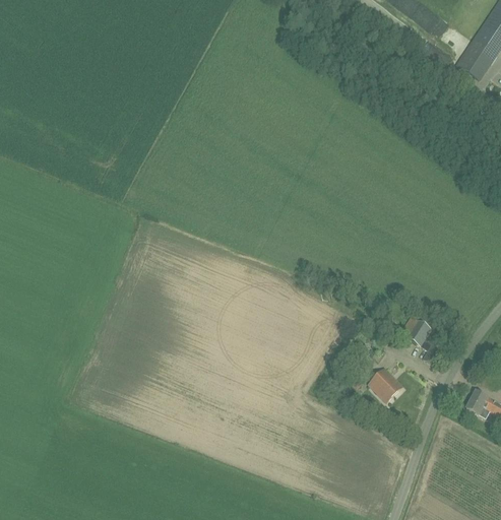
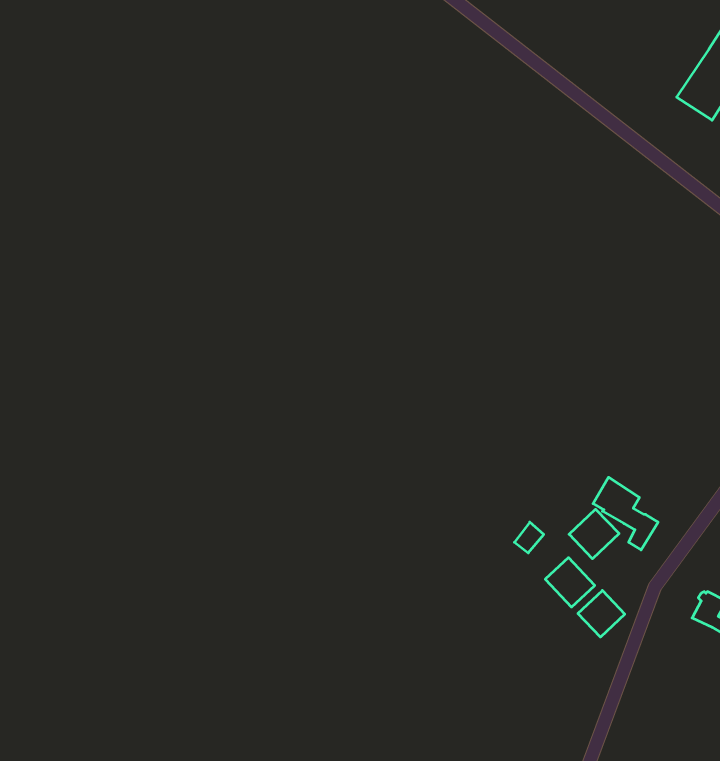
building: none -> [569,509,619,559]
building: none -> [578,590,625,637]

